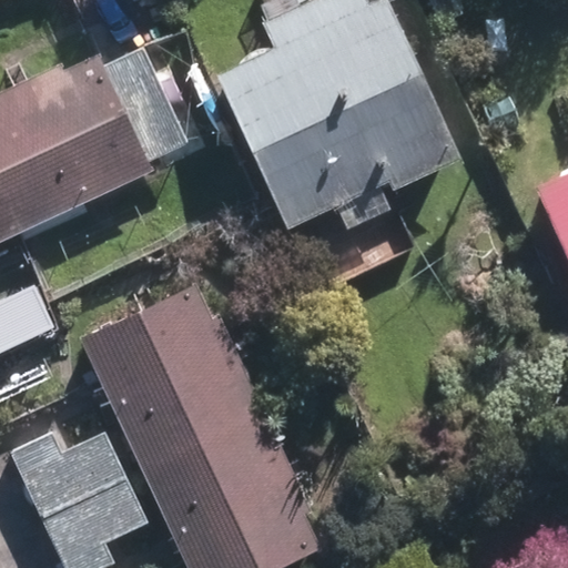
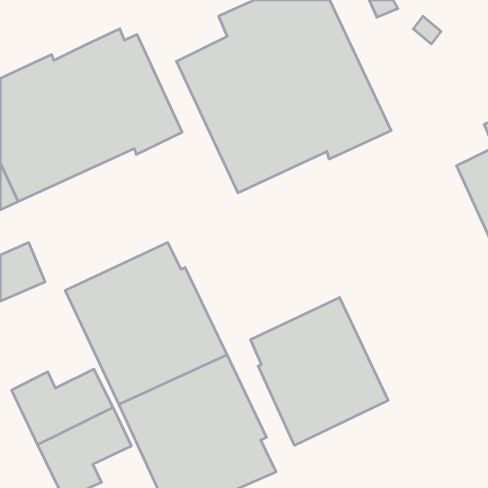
building: none -> [251,297,388,445]

